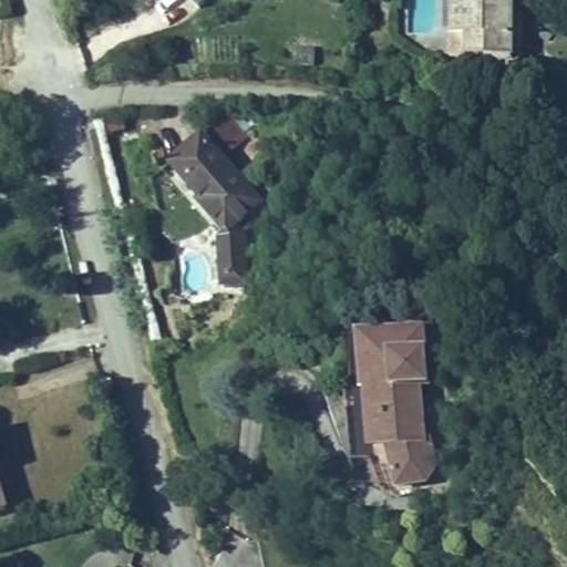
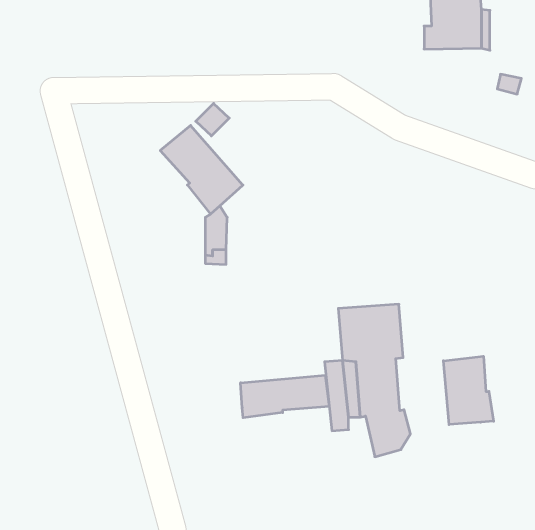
building: none -> [443,356,494,425]
building: none -> [241,375,329,418]

